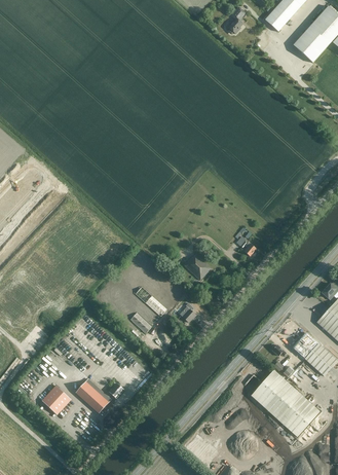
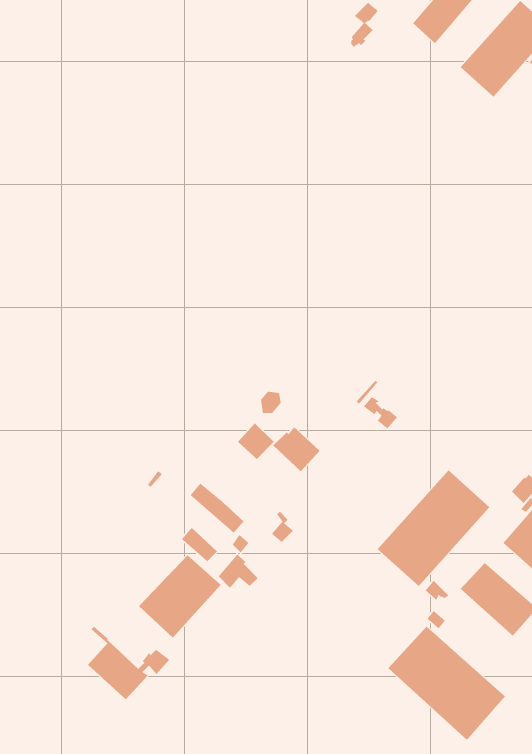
building: none -> [377,470,490,587]
building: none -> [138,555,222,638]
building: [41,385,71,413] -> none

